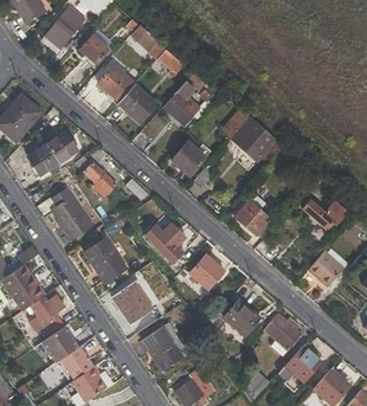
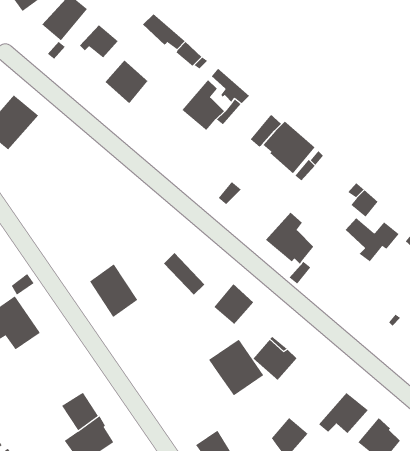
building: [117,83,157,123] -> none
building: [26,130,78,175] -> none
building: [170,141,205,176] -> none
building: [75,155,116,196] -> none
building: [51,187,92,240] -> none
building: [308,250,343,286] -> none
building: [111,281,153,324] -> none
building: [28,294,65,326] -> none
building: [263,312,302,355] -> none
building: [141,322,188,370] -> [208,339,264,396]
building: [40,327,77,361] -> none

